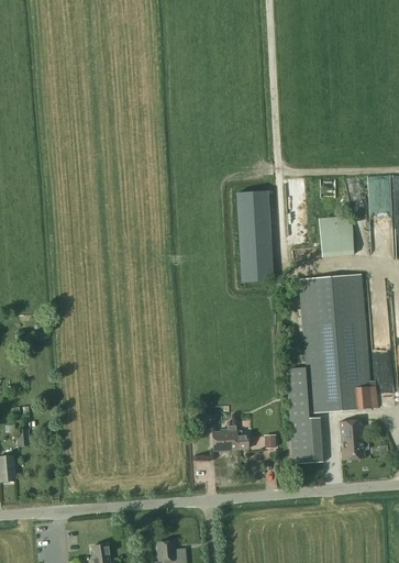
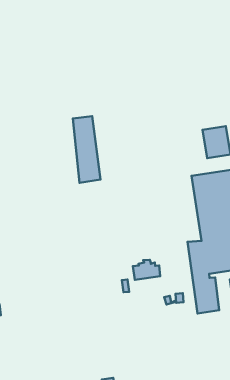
building: [237,192,268,280] -> [73,116,101,183]
building: [213,426,248,451] -> [133,260,160,280]

